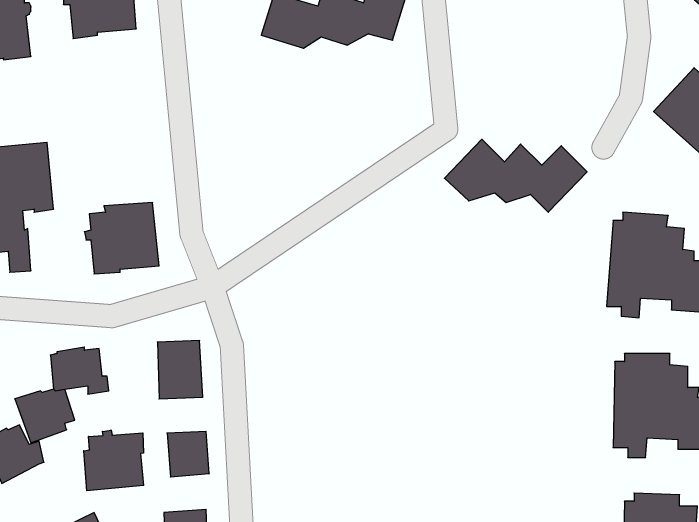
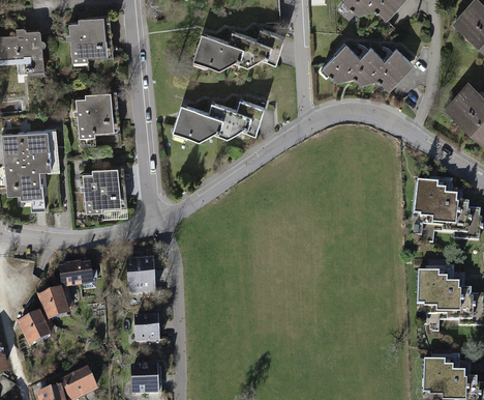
building: none -> [73,93,120,139]
building: none -> [172,97,264,138]
building: [444,139,587,212] -> [322,46,413,92]
building: [84,430,144,491] -> none

